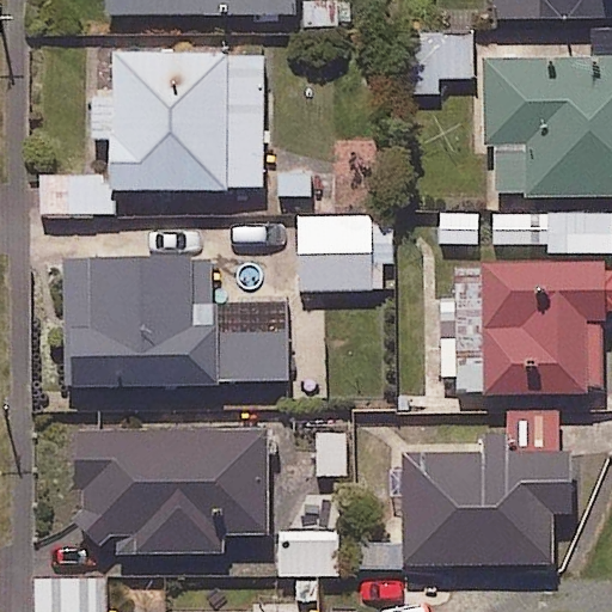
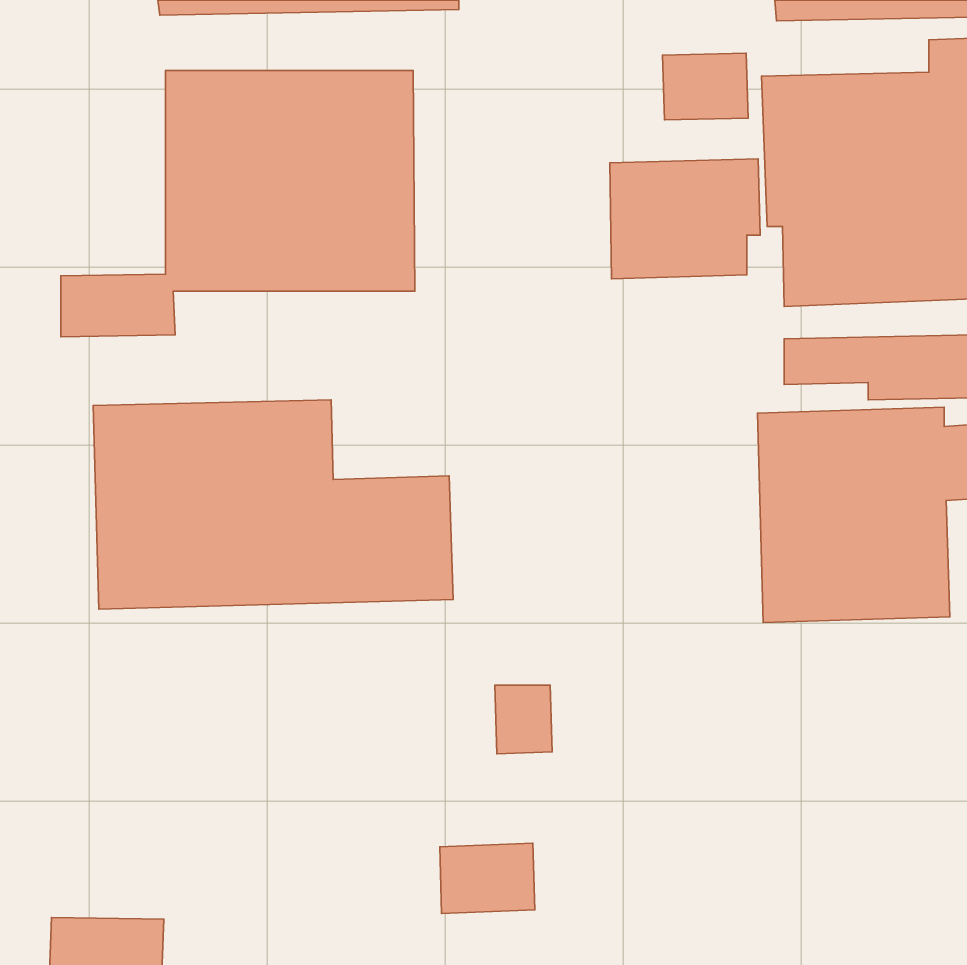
building: [298,216,392,292] -> [610,159,760,279]
building: [400,411,568,564] -> none
building: [73,428,267,552] -> none

